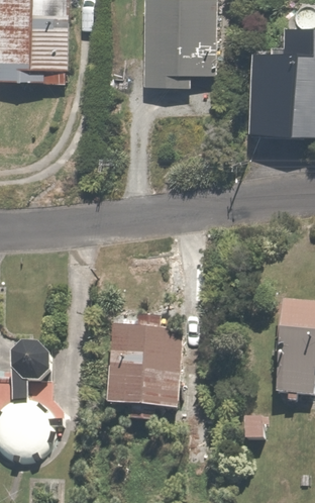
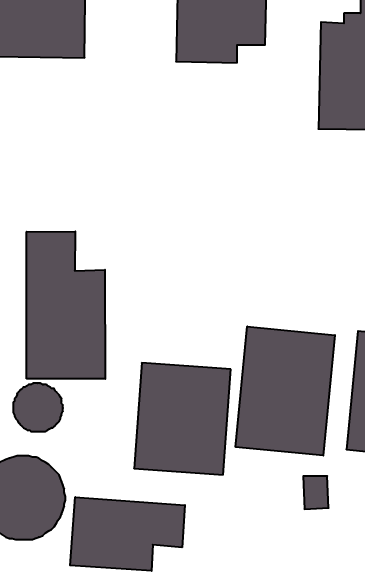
building: none -> [27,231,105,379]
building: none -> [236,326,335,456]
building: none -> [70,497,185,571]

